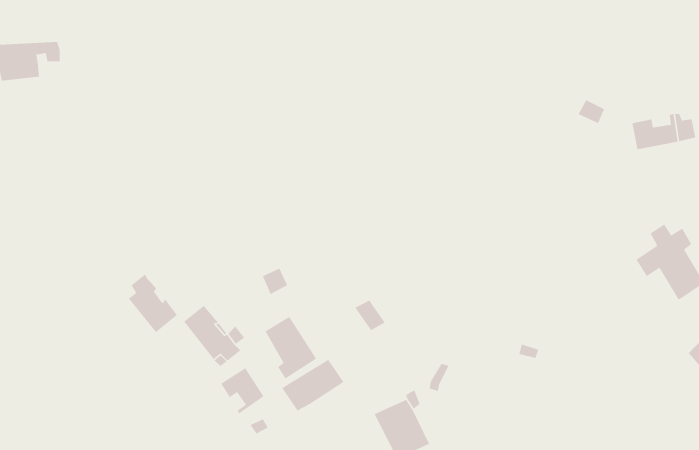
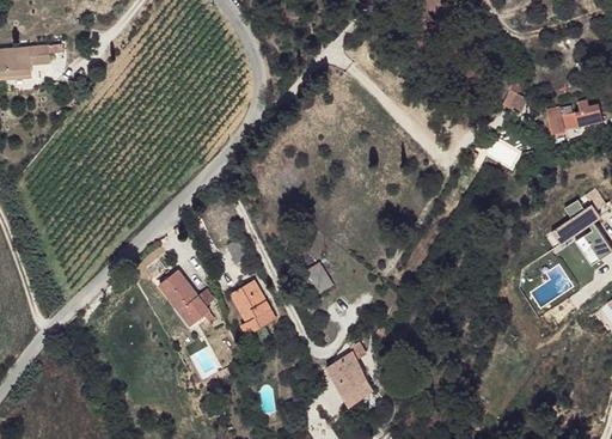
building: [128,273,178,333] -> none
building: [281,359,345,411] -> none
building: [220,367,264,415] -> none

